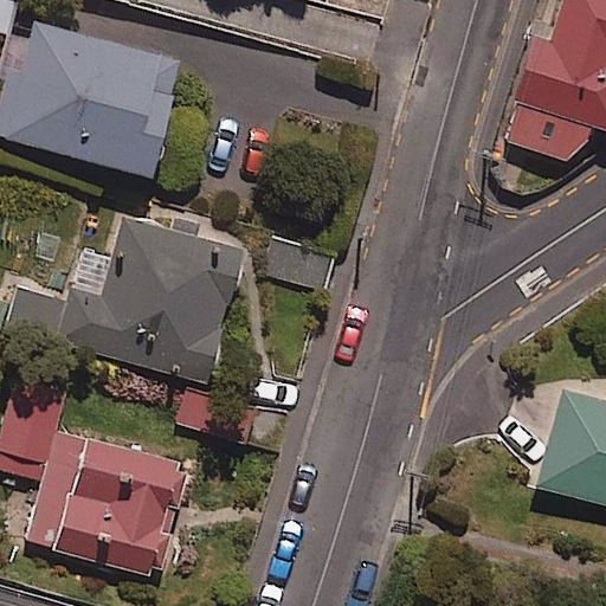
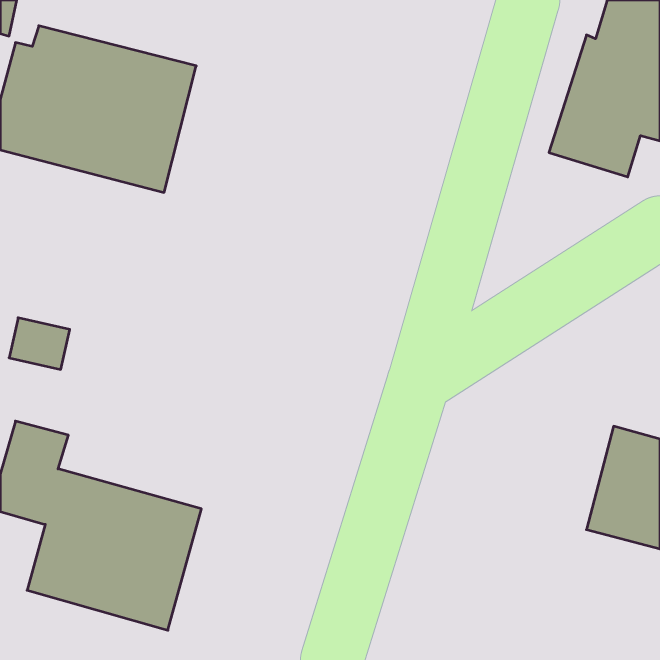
building: [62,219,243,381] -> none

